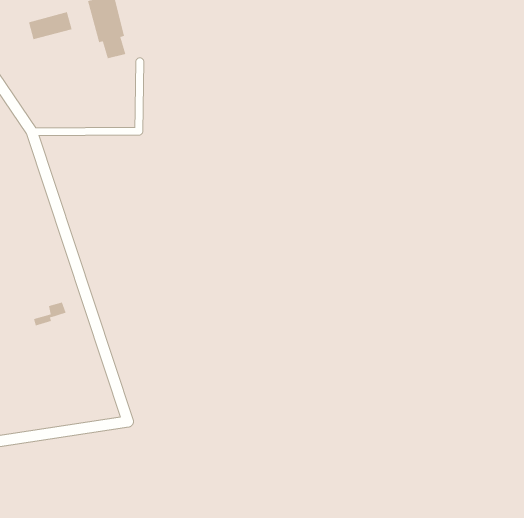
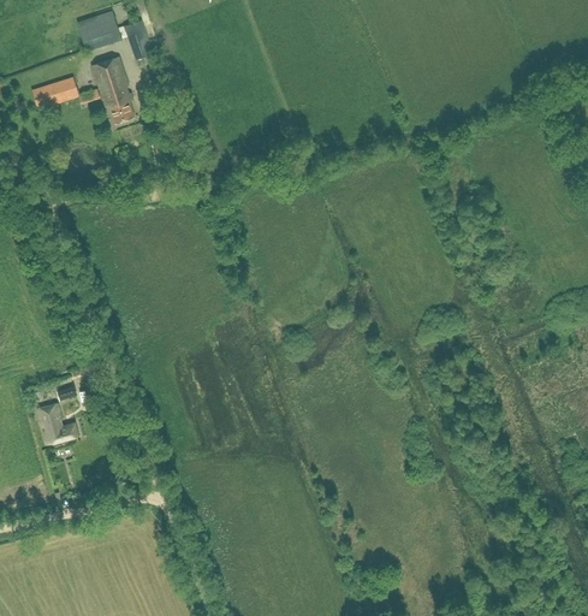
building: none -> [36,403,77,444]

